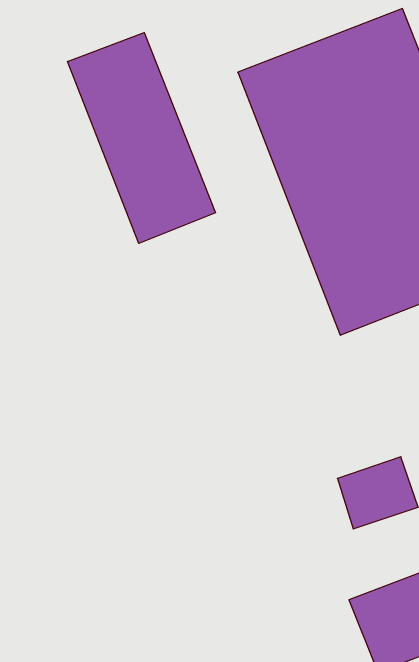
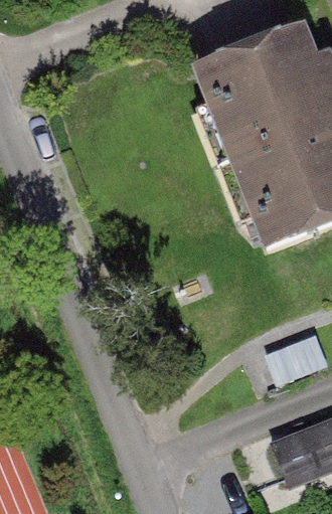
building: [68,33,216,243] -> none

